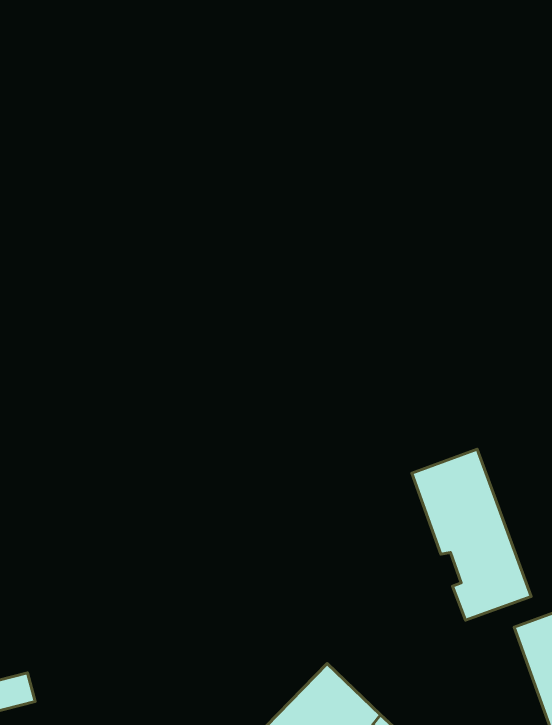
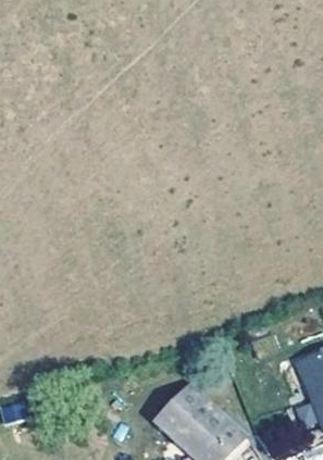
building: [412,449,531,620] -> none

